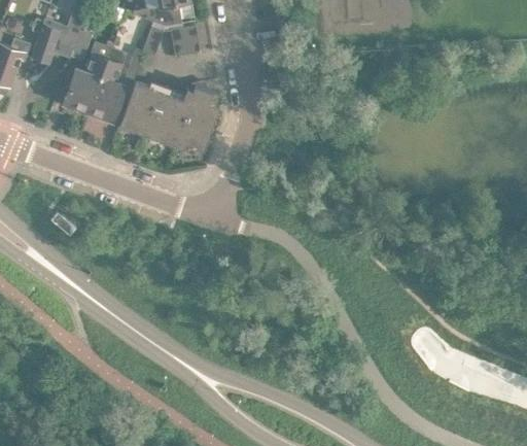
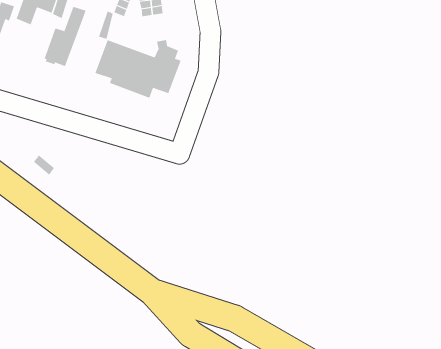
building: [86,47,126,122] -> none

